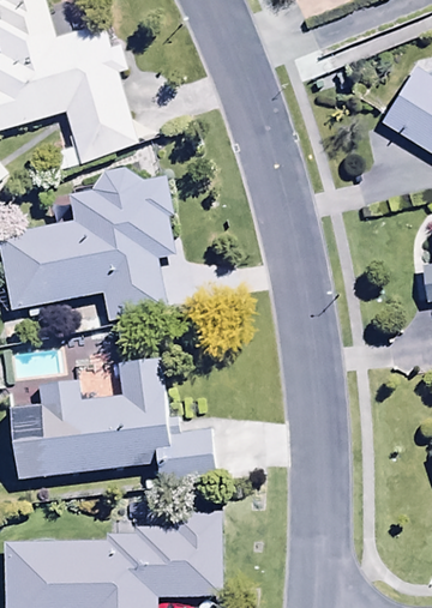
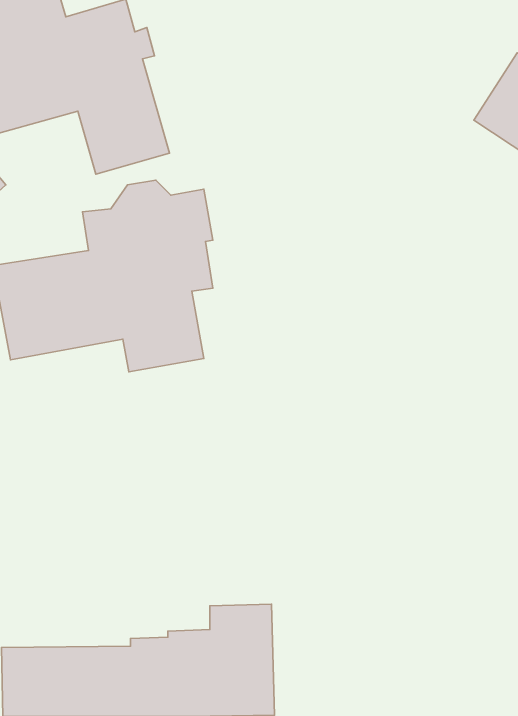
building: [10,356,216,488] -> none

